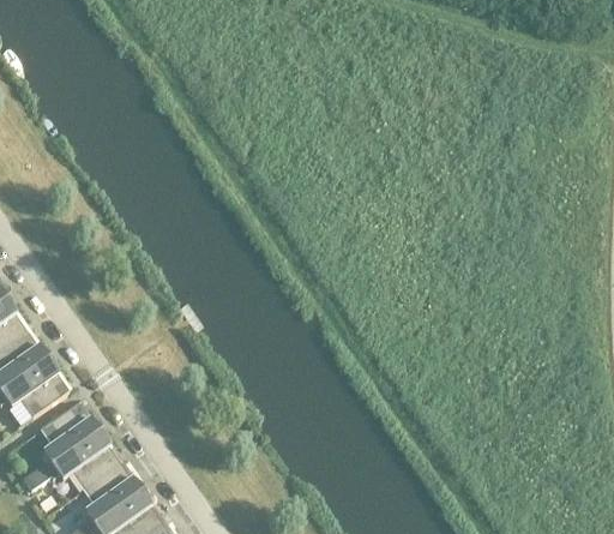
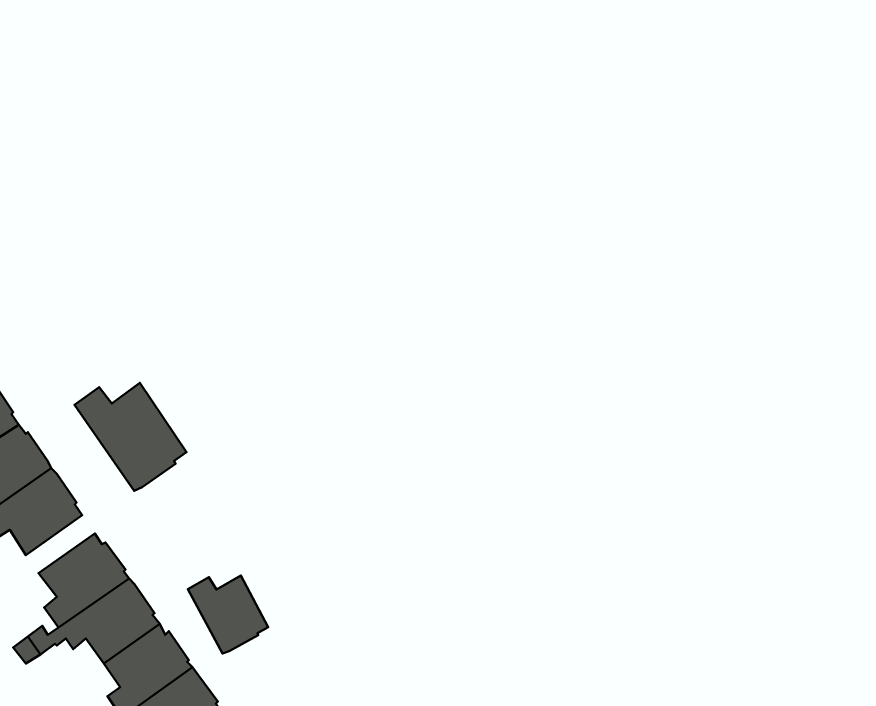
building: none -> [75,383,187,491]
building: none -> [188,575,268,653]

